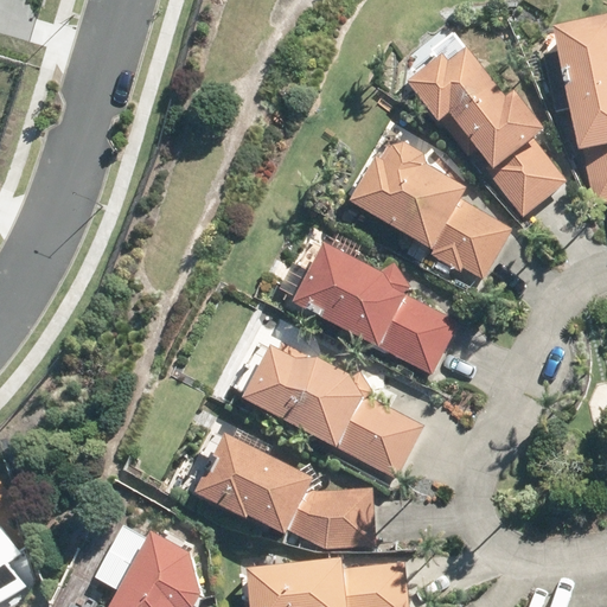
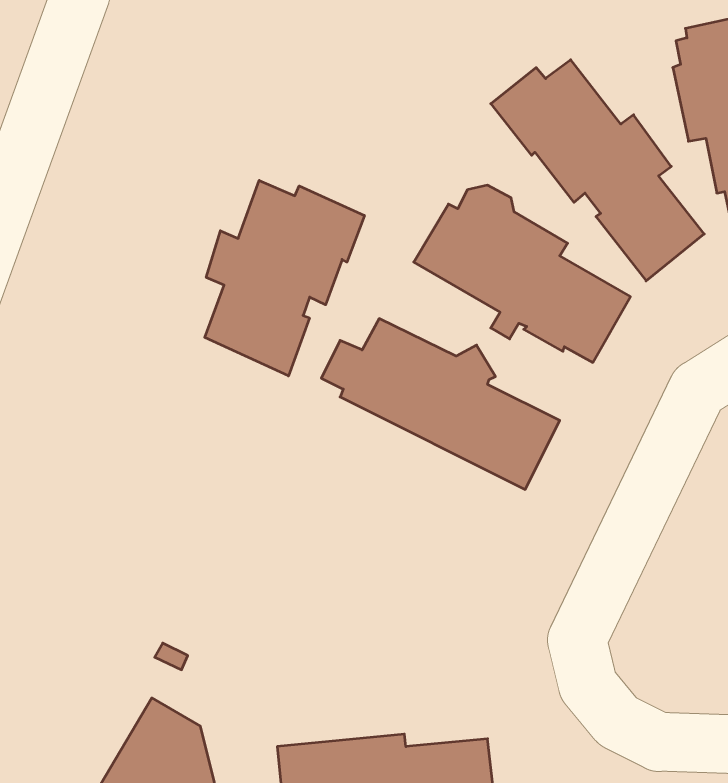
building: none -> [205,180,364,376]
building: [242,344,424,477] -> none
building: [194,434,376,547] -> none

